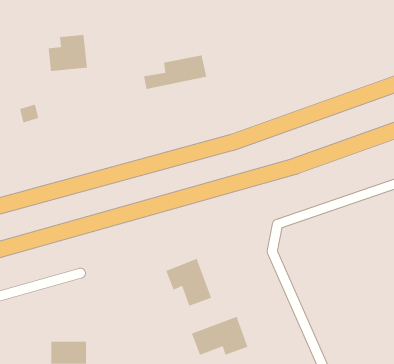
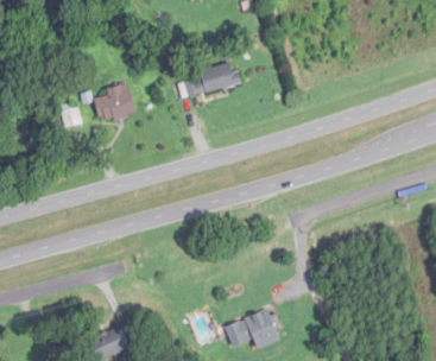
building: [48,34,88,72] -> [95,84,133,120]
building: [165,258,212,307] -> none

